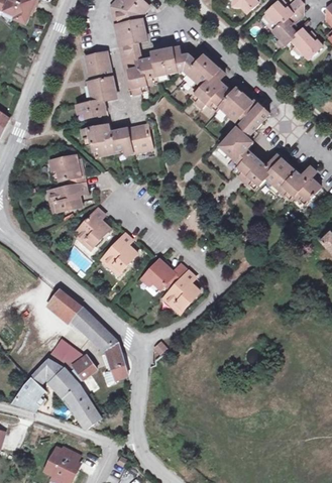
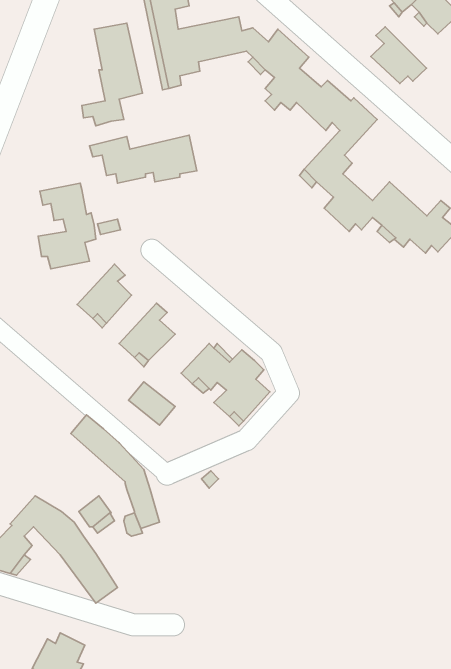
building: none -> [371,27,426,83]
building: [49,289,80,318] -> [128,382,175,425]
building: [48,338,82,369] -> none

